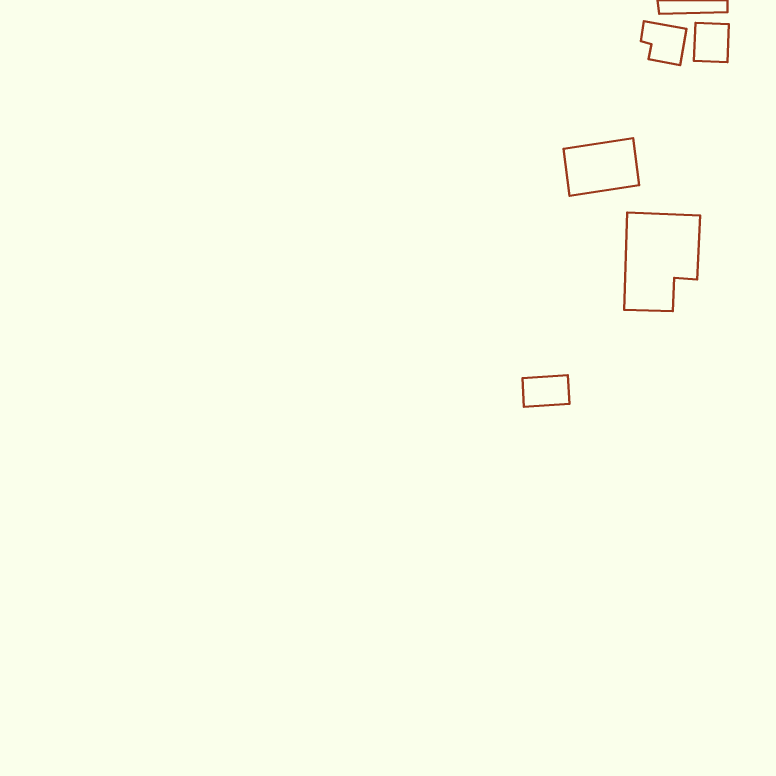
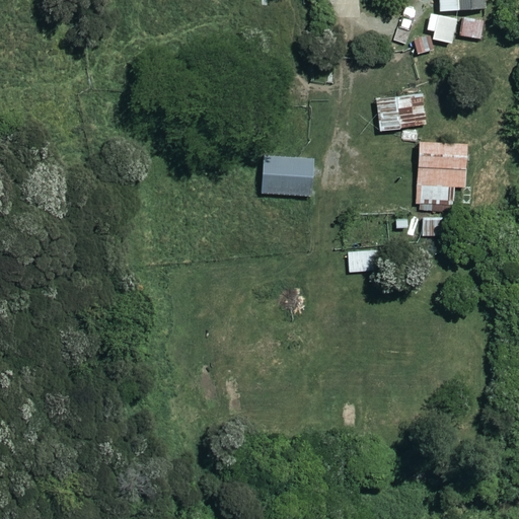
building: none -> [262,157,313,195]

